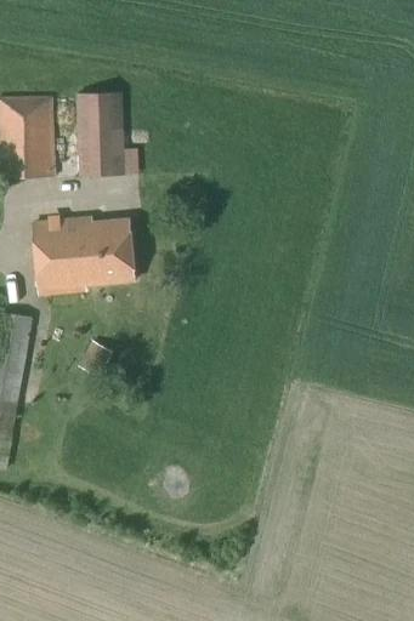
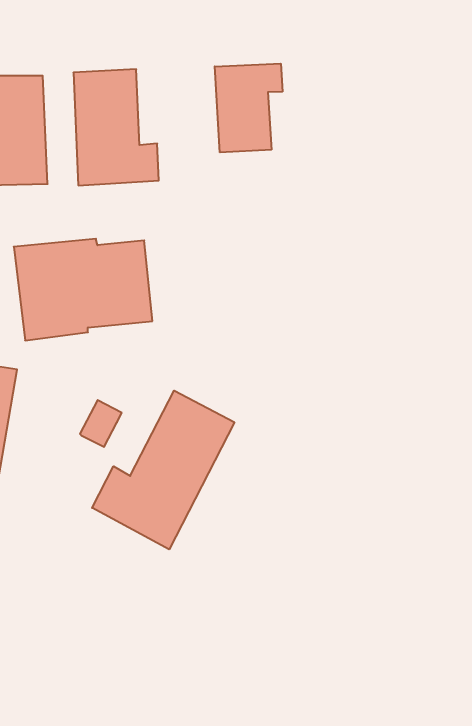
building: none -> [215,64,282,152]
building: none -> [92,391,234,549]

